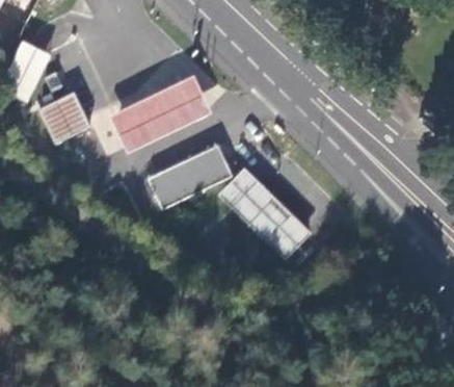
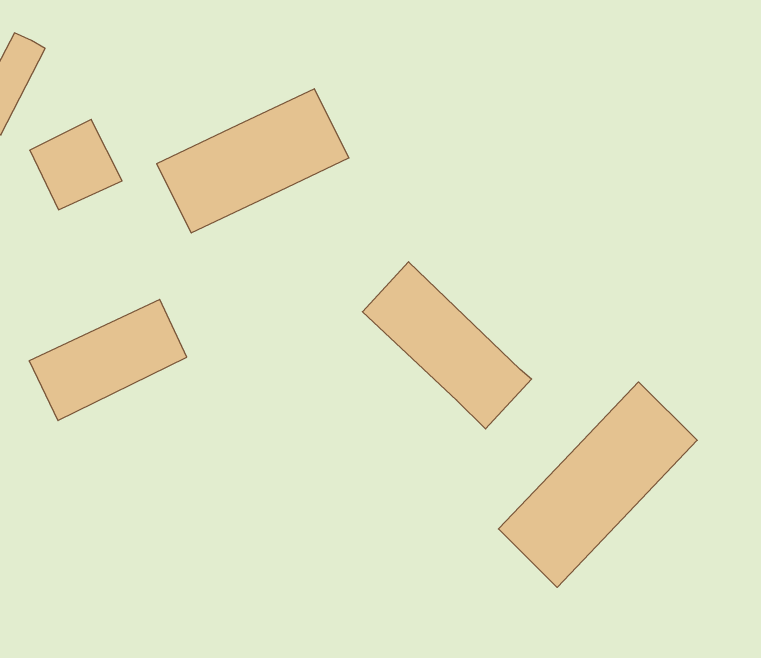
building: [148,144,233,209] -> [29,299,187,421]
building: none -> [498,382,697,587]

